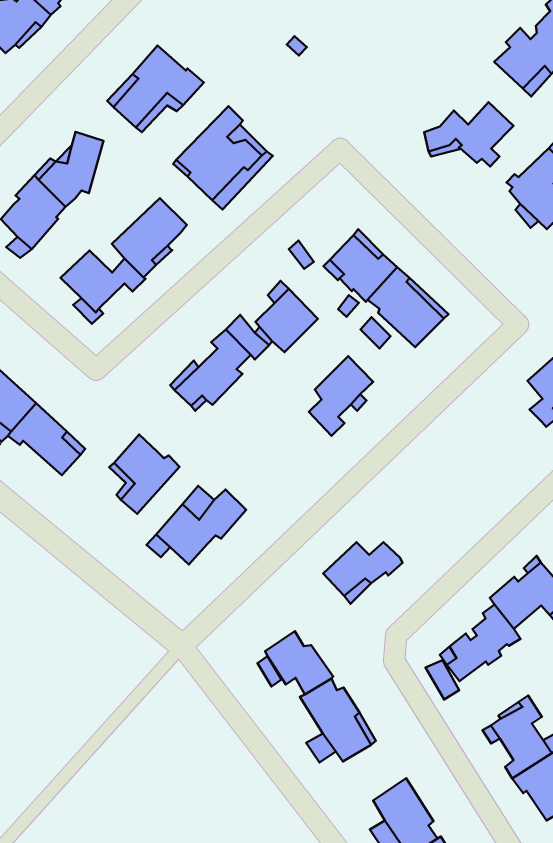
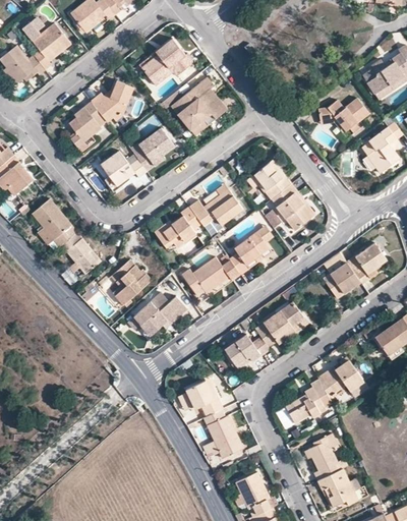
building: none -> [324,263,361,298]
building: none -> [192,255,241,291]
building: none -> [256,301,305,347]

